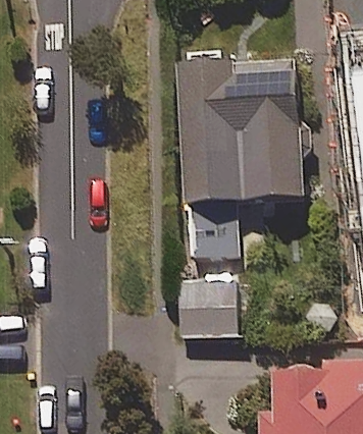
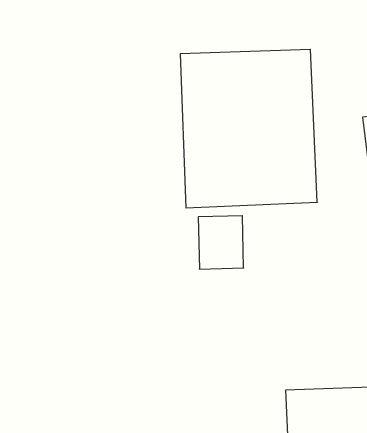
building: [176,281,237,340] -> none

